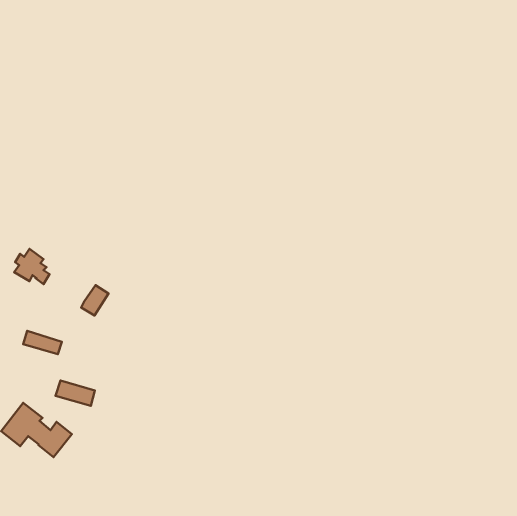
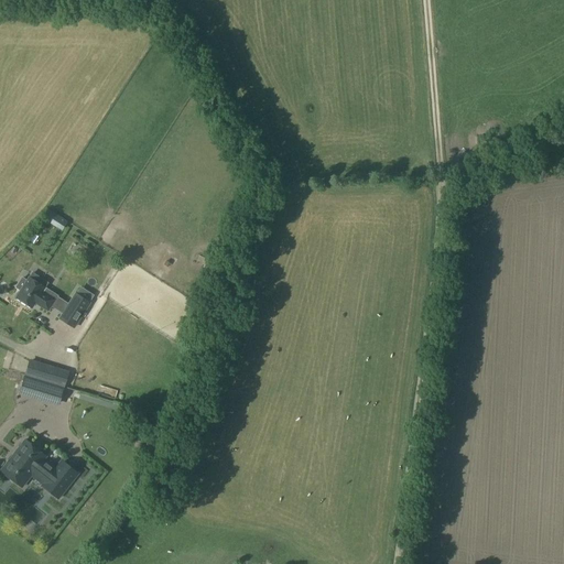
building: [81,285,109,316] -> [59,293,89,326]
building: [55,381,95,406] -> [20,375,63,402]

